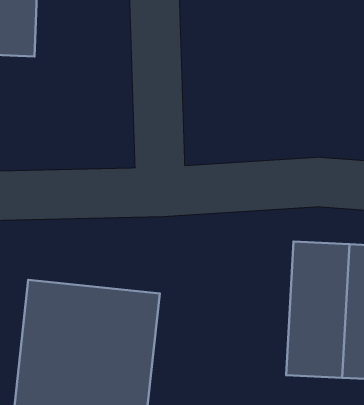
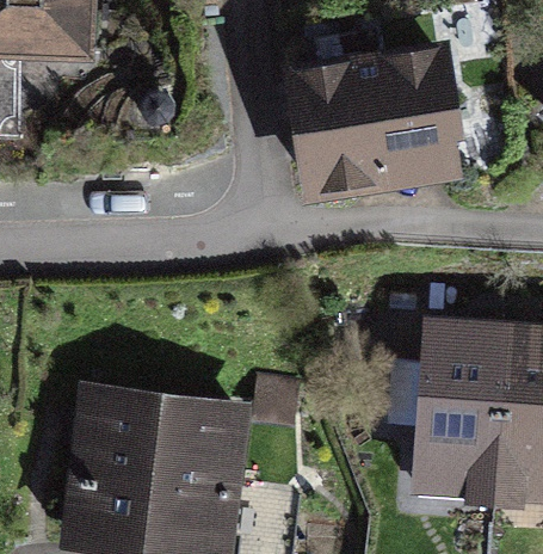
building: none -> [291,49,468,203]

